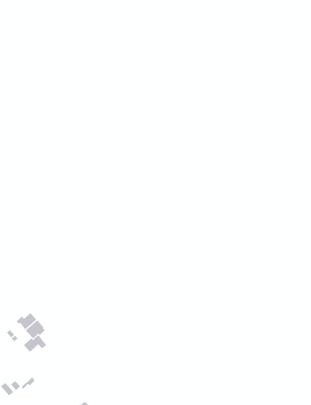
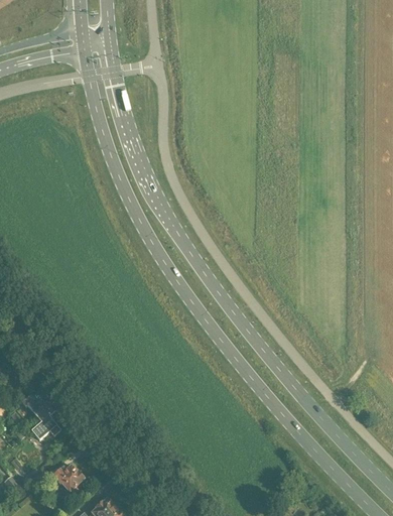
building: none -> [49,463,81,493]

